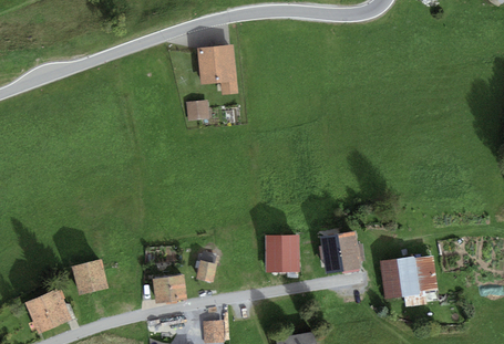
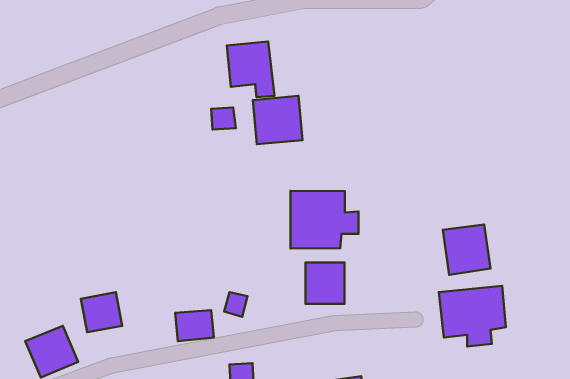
building: none -> [253,96,302,144]
building: none -> [291,191,359,248]
building: [322,230,363,273] -> [443,225,491,275]

